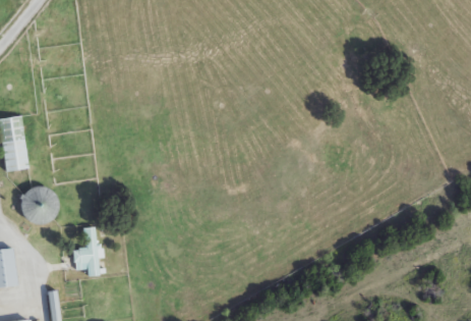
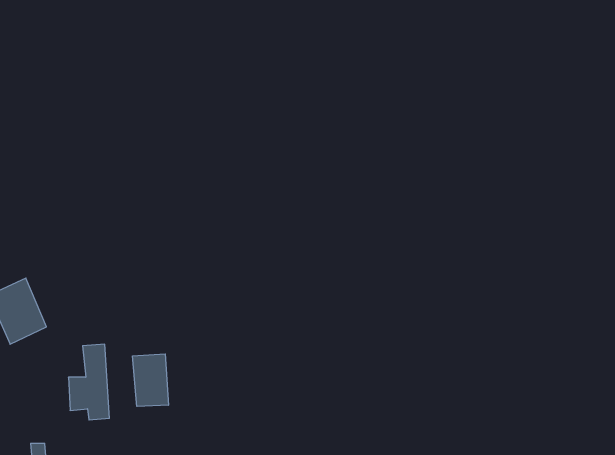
building: none -> [133,354,168,406]

